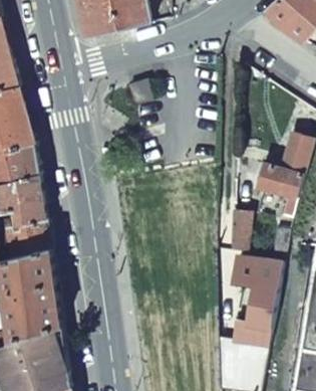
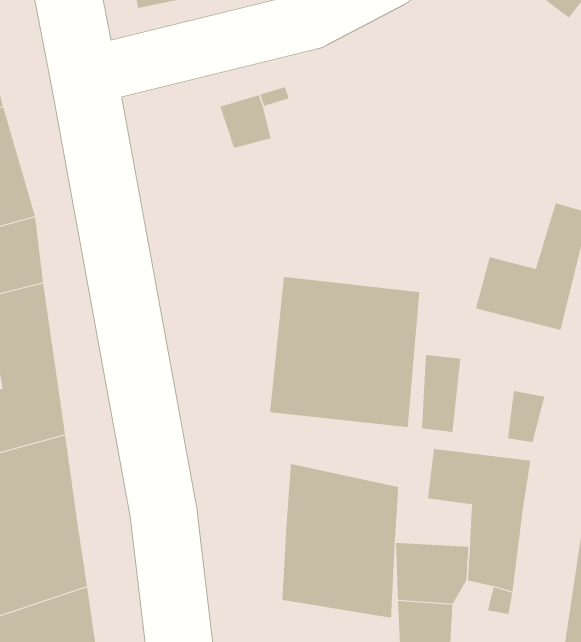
building: none -> [270,276,420,428]
building: none -> [282,463,399,618]

